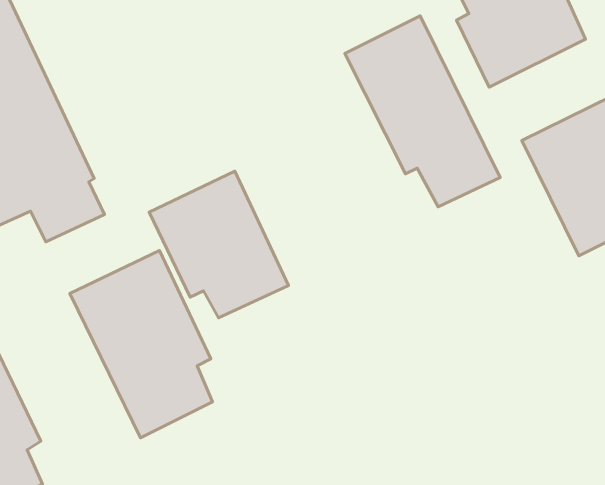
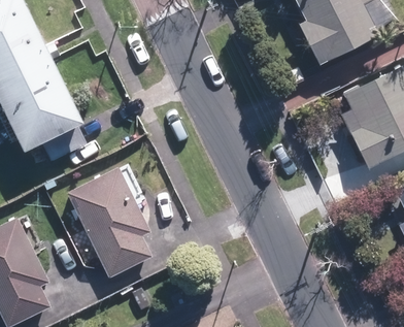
building: [345,16,500,207] -> none
building: [149,171,289,318] -> none

